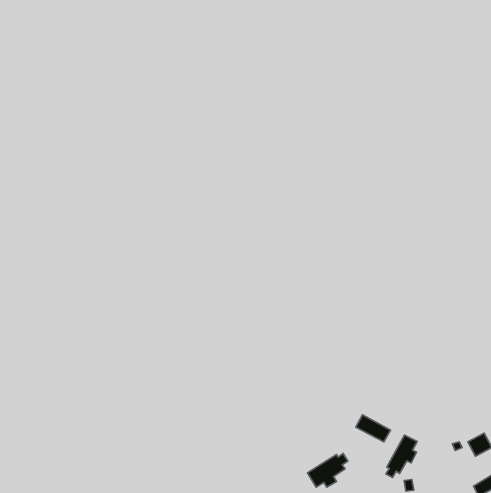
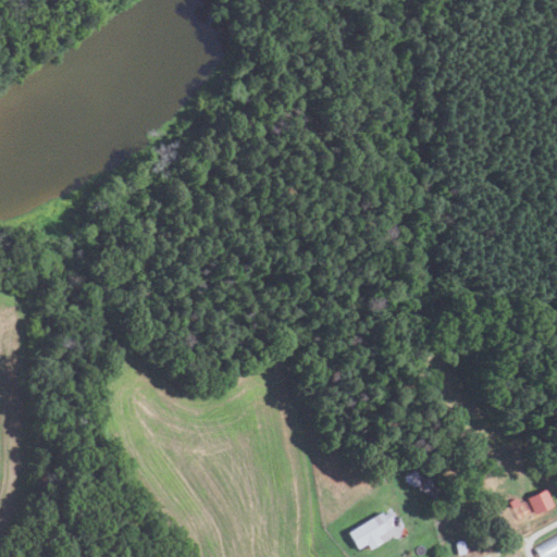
building: [386,435,417,478] -> none

